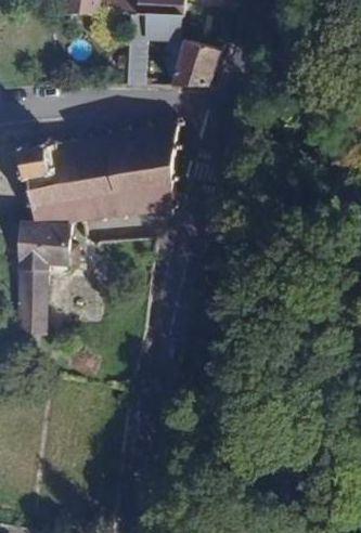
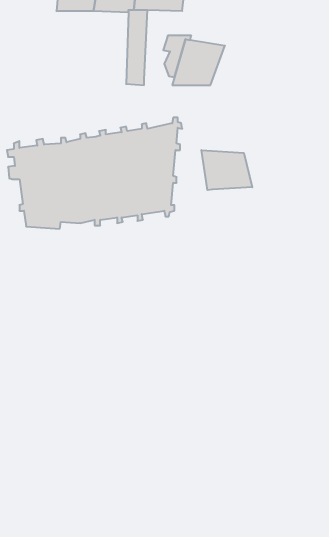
building: none -> [201,150,252,190]
building: [16,223,78,335] -> none

